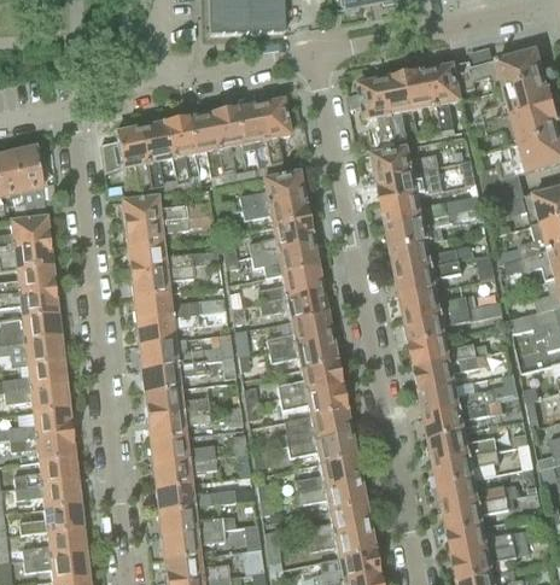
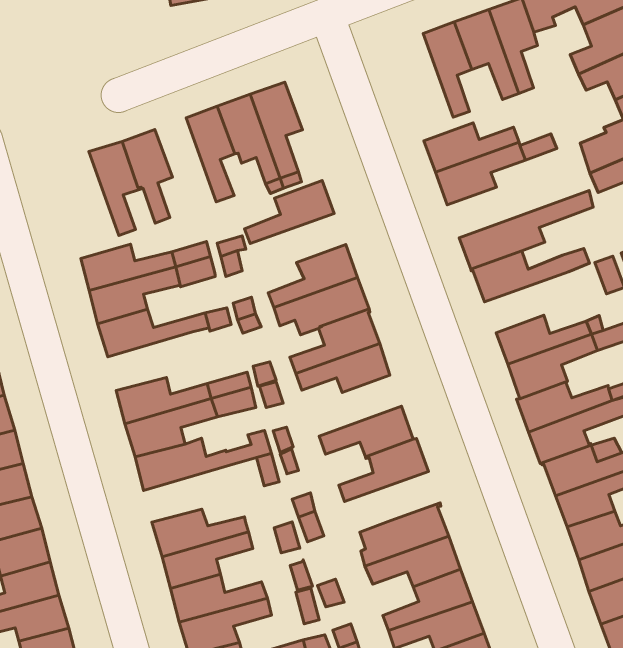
building: [349,80,396,144] -> none
building: [187,113,222,176] -> none
building: [101,127,151,191] -> none
building: [383,194,483,226] -> none
building: [241,195,308,226] -> none
building: [398,261,462,296] -> none
building: [130,263,194,296] -> none
building: [267,314,329,349] -> none
building: [141,359,205,391] -> none
building: [280,385,346,415] -> none

